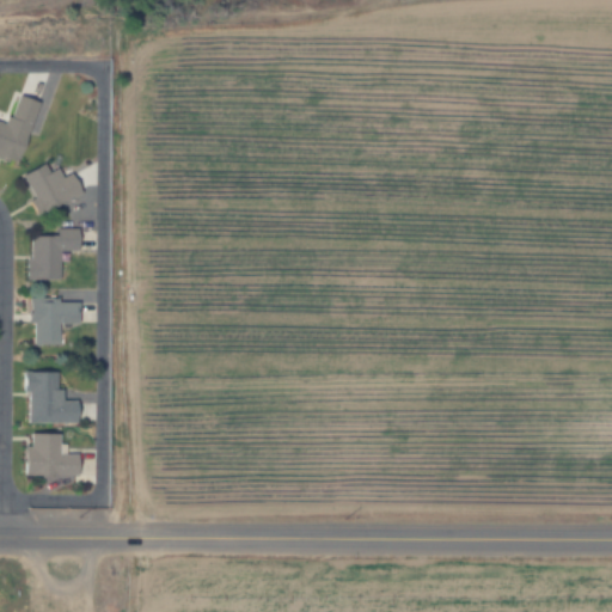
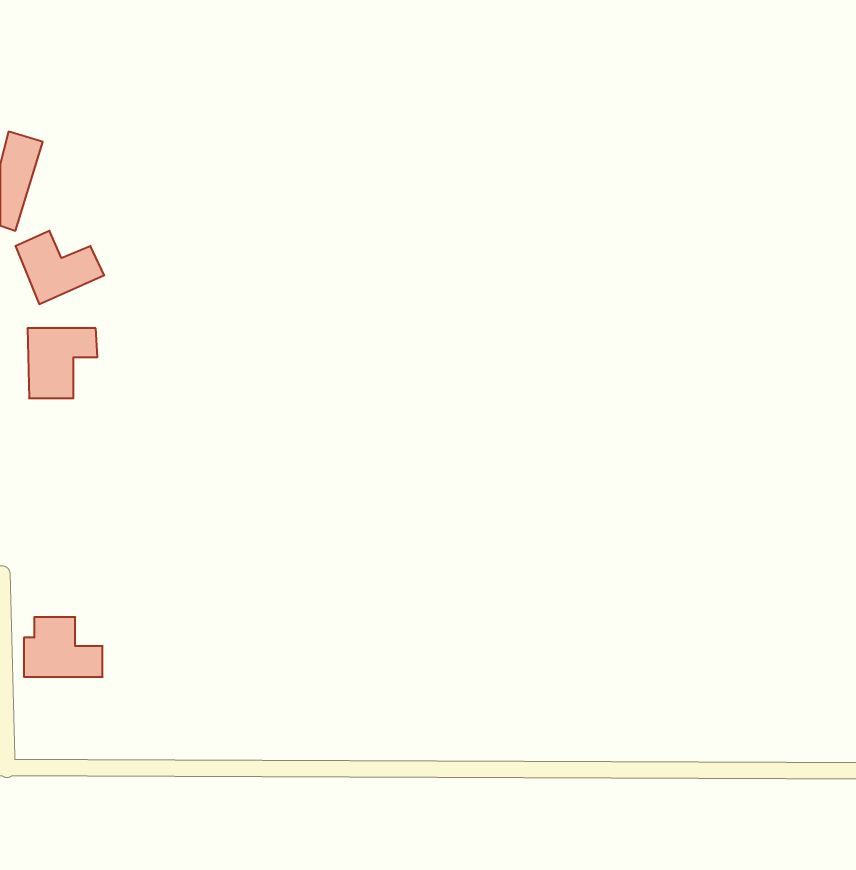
building: [30,301,84,347] -> none
building: [29,372,81,424] -> none

